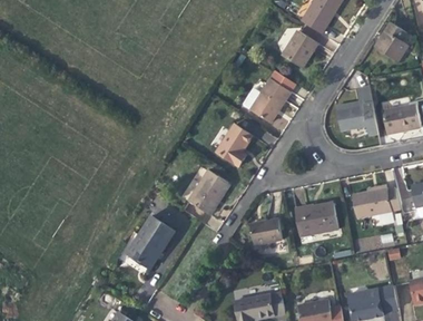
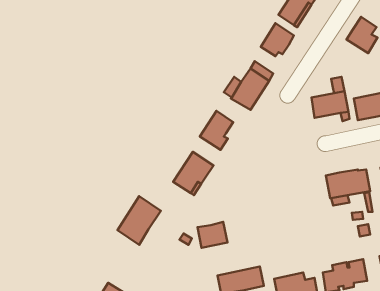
building: [294,202,338,233] -> none
building: [249,217,282,245] -> [197,222,227,248]

